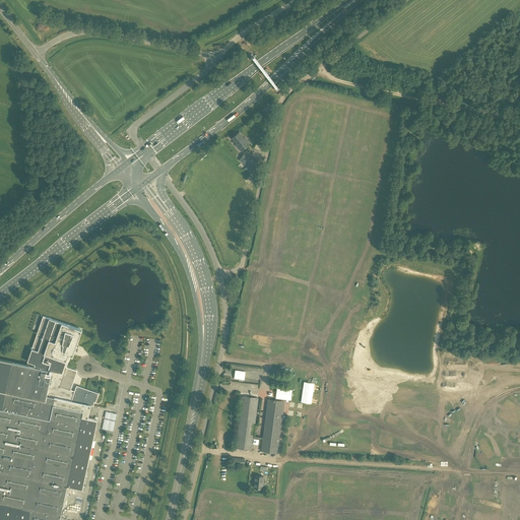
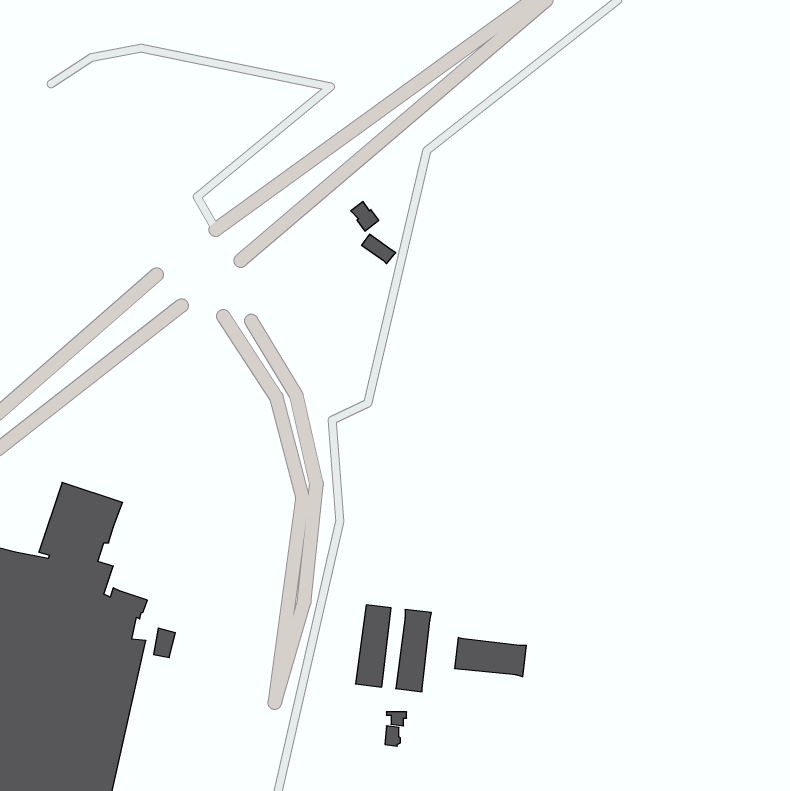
building: none -> [455,637,526,677]

